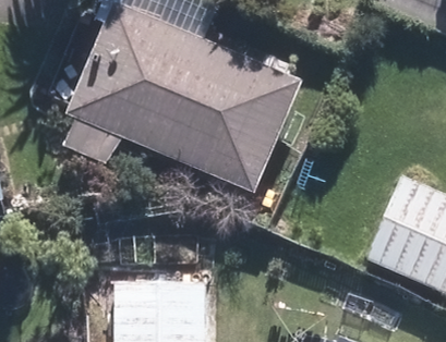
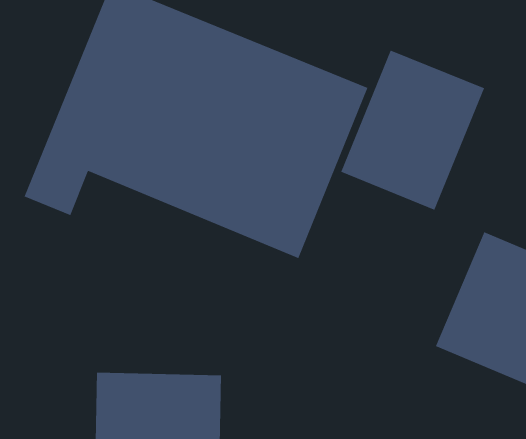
building: none -> [340,49,485,211]

